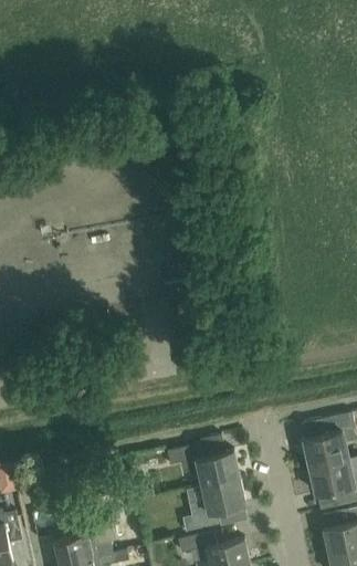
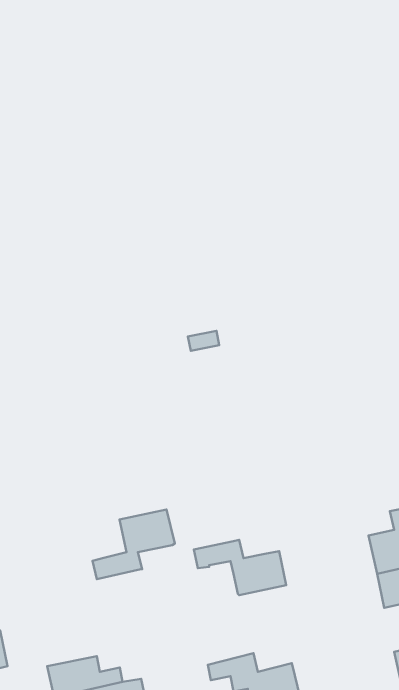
building: [181,478,245,532] -> [92,510,175,579]

